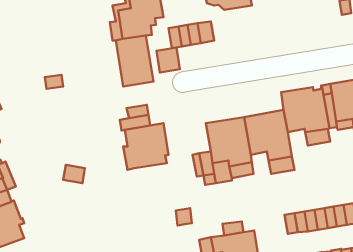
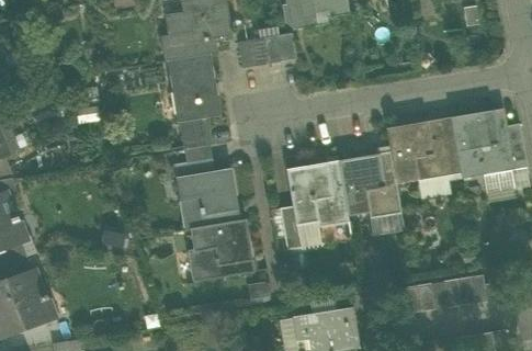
building: [157,47,180,72] -> [179,115,210,148]
building: none -> [188,218,254,282]

